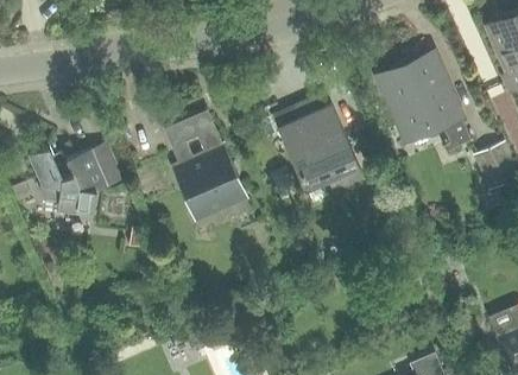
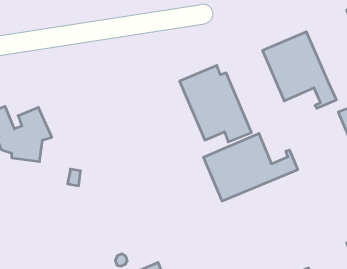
building: [164,110,246,220] -> none
building: none -> [203,133,298,201]

